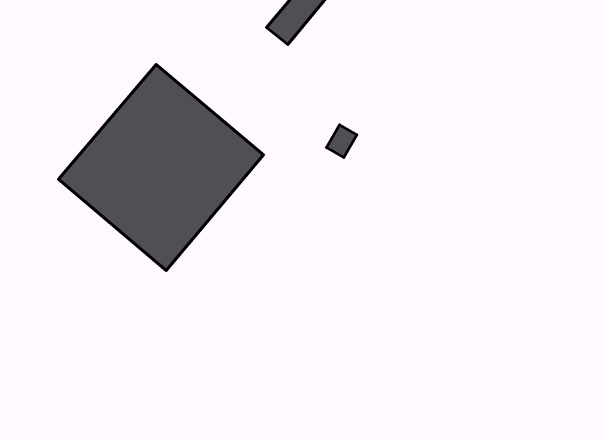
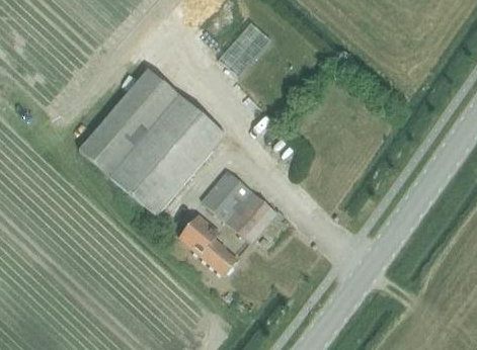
building: none -> [203,170,283,241]
building: none -> [179,212,237,273]

